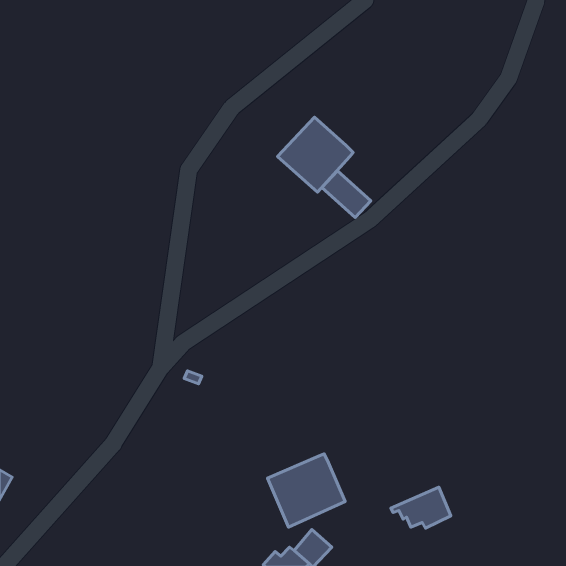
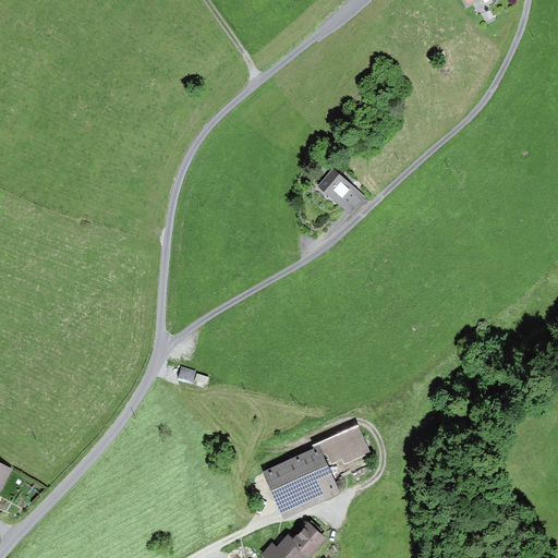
building: [278,117,353,192] -> none
building: [391,487,451,528] -> [311,424,369,464]

